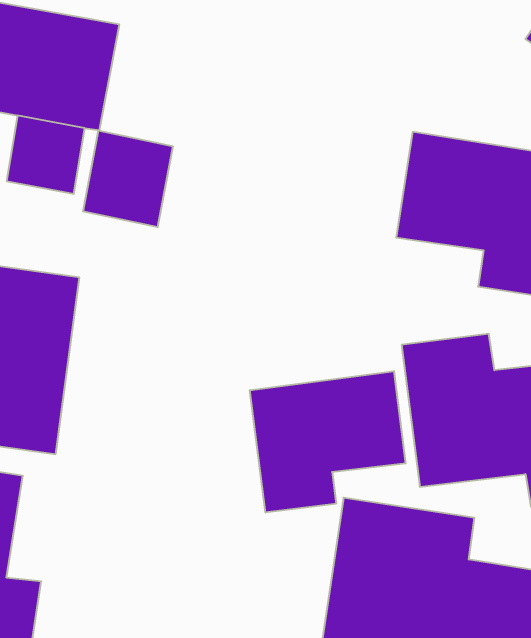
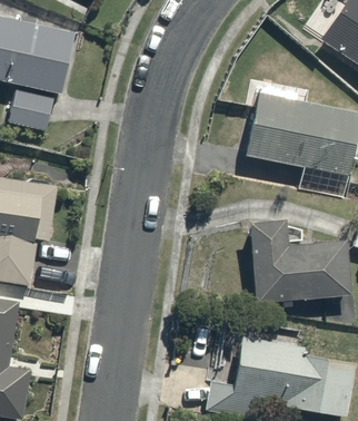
building: [83,130,173,227] -> none
building: [250,371,406,513] -> none

